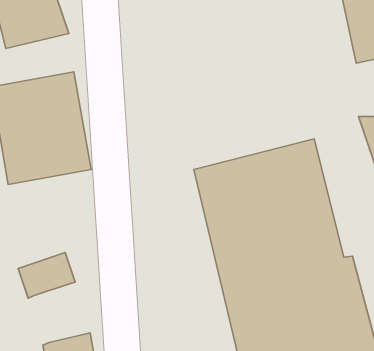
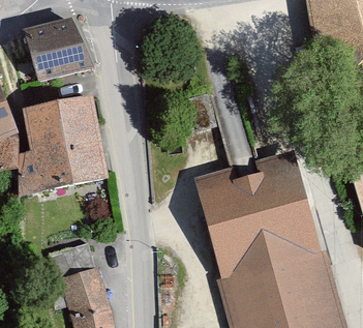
building: none -> [61,271,108,321]

